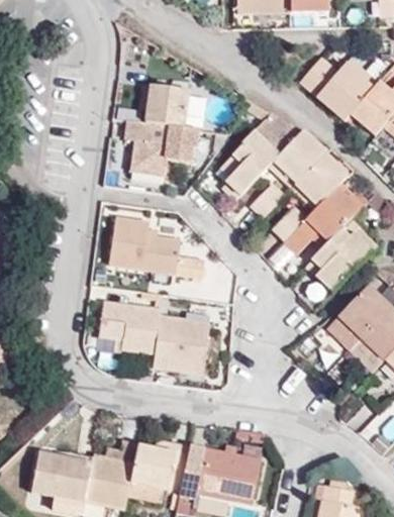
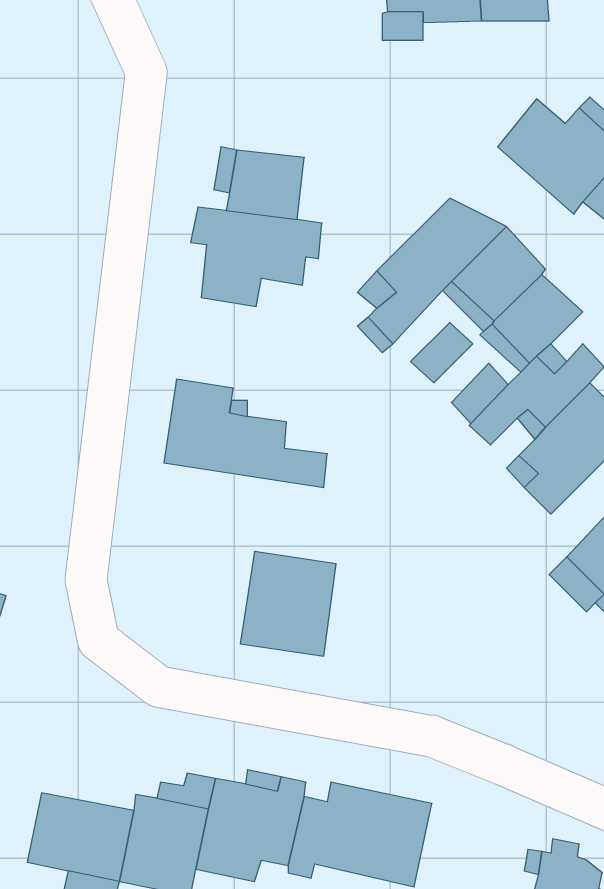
building: [100,300,161,353] -> none

